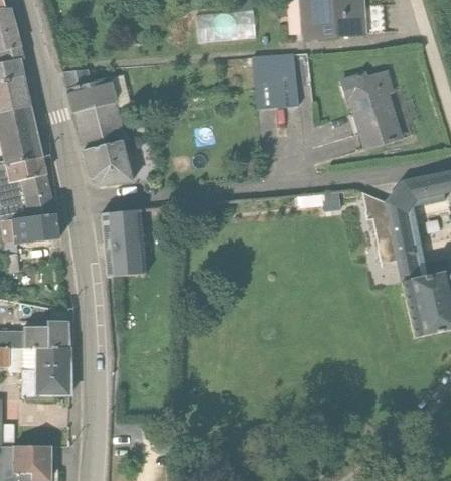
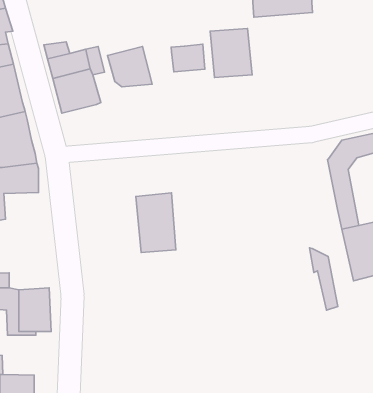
building: [339,69,403,150] -> none
building: none -> [171,44,205,72]
building: [84,139,134,184] -> [108,47,152,87]
building: [363,191,396,262] -> [309,248,338,310]
building: [102,208,147,276] -> [136,193,176,253]
building: [24,320,69,348] -> none

